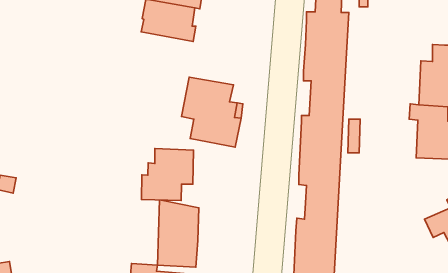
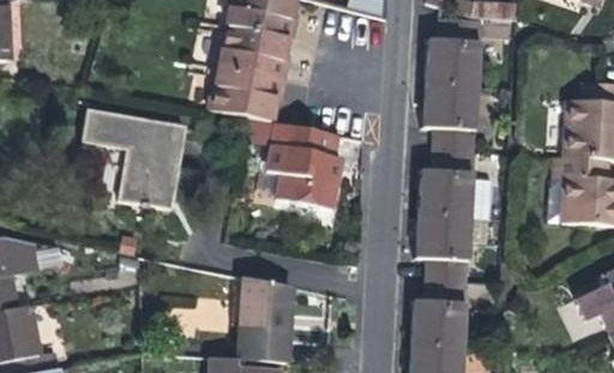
building: none -> [211,65,285,119]
building: none -> [84,108,186,206]
building: [141,148,194,201] -> none

